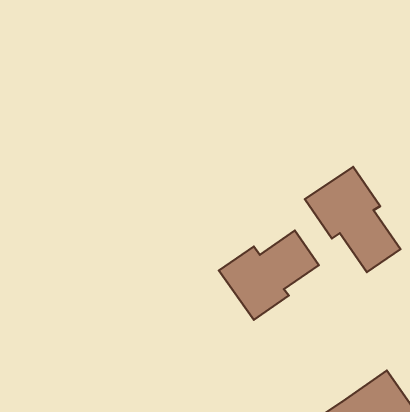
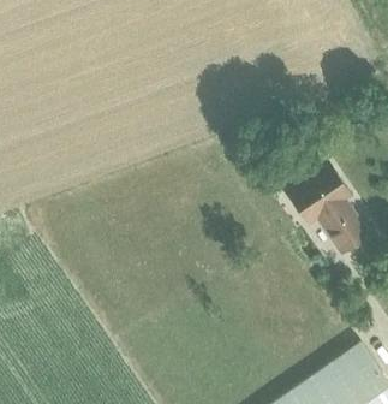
building: [219,231,319,320] -> none

